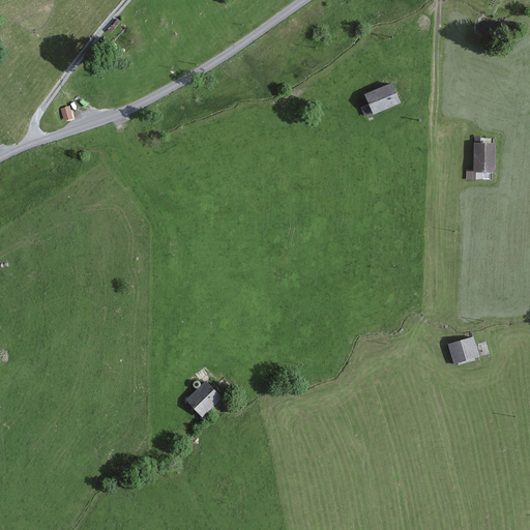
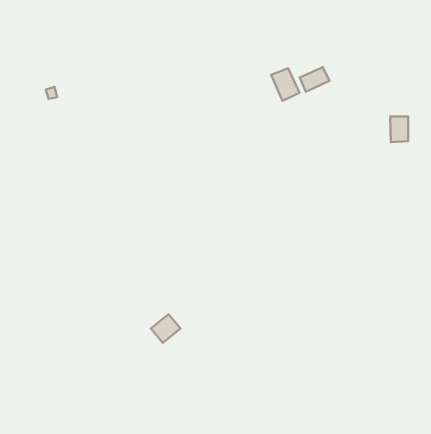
building: none -> [271,68,300,101]
building: [444,336,478,364] -> none

